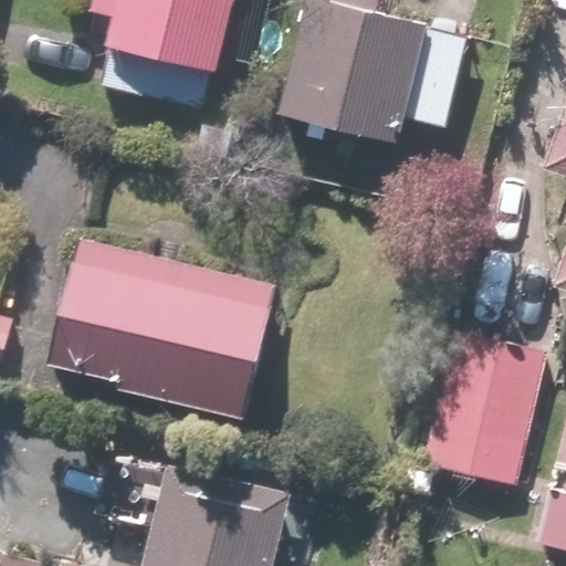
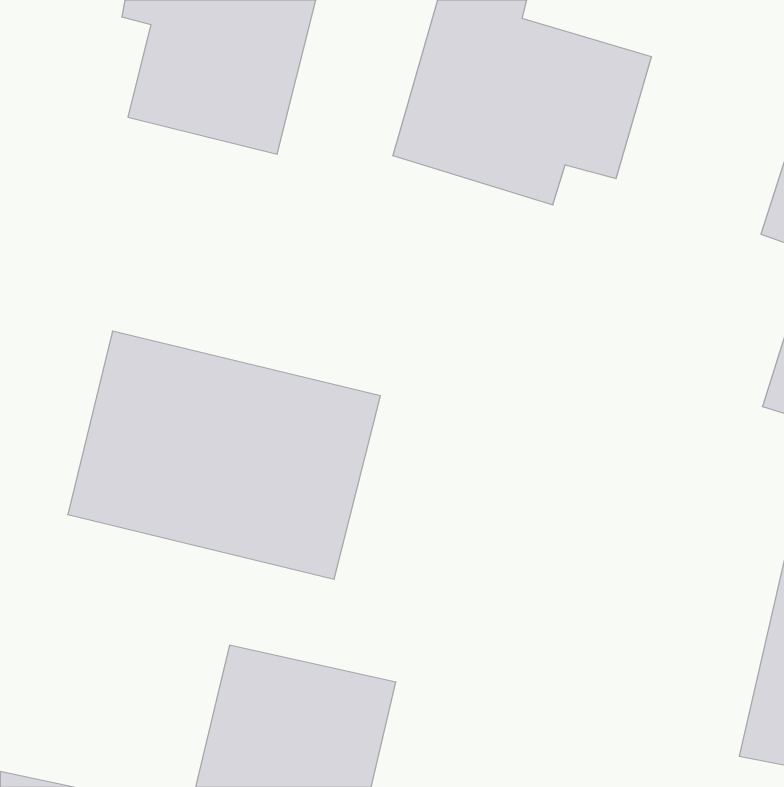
building: [423,333,548,484] -> none

